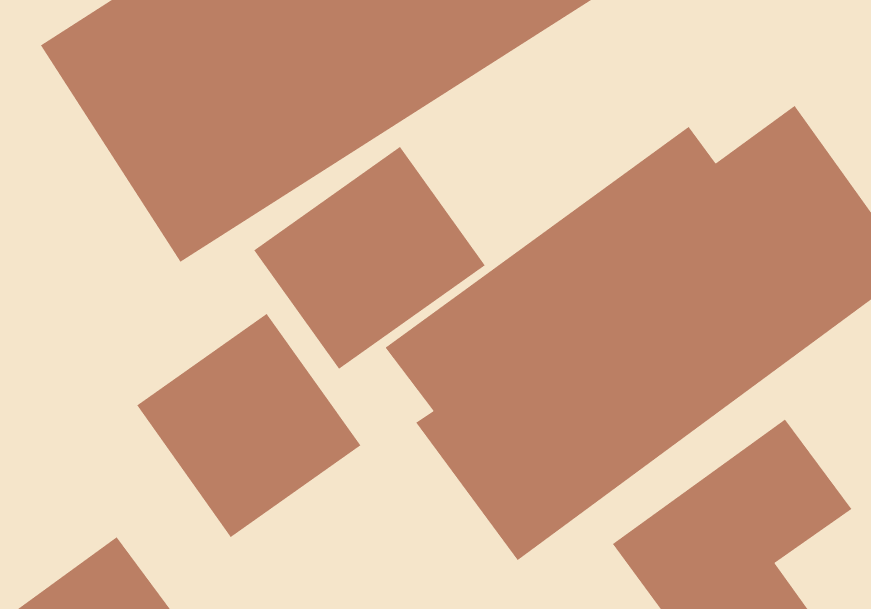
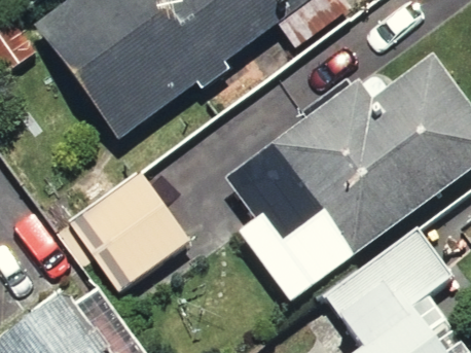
building: [253,146,486,370] -> none

